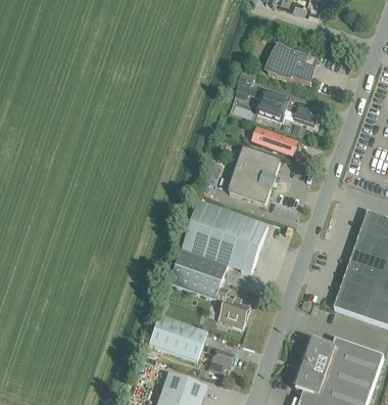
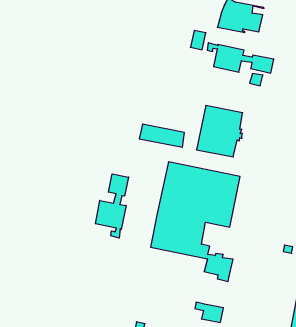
building: [251,126,297,154] -> [139,124,184,147]
building: none -> [95,174,129,238]
building: [148,313,206,359] -> none

